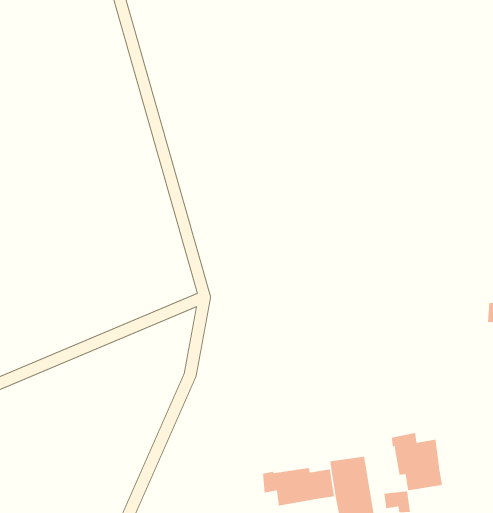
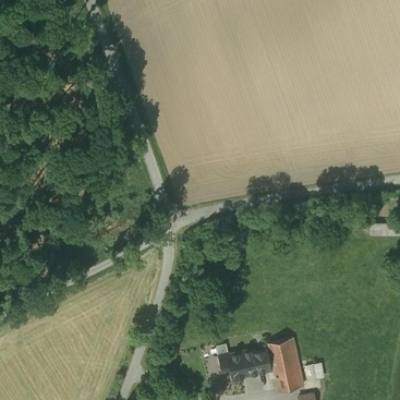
building: [391,432,442,491] -> none

